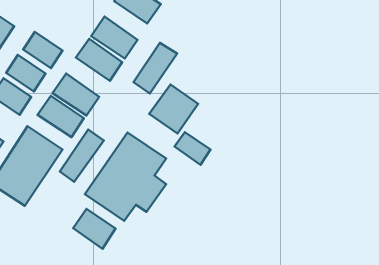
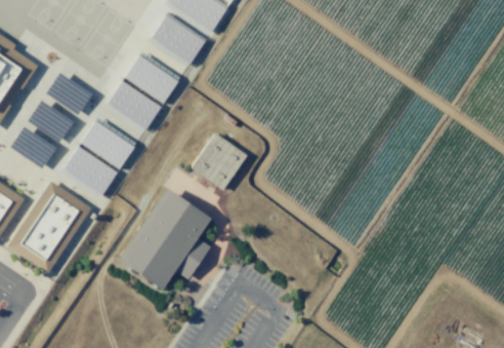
building: [133,43,177,93] -> none
building: [60,130,104,182] -> none
building: [175,132,210,165] -> none
building: [73,209,116,249] -> none

